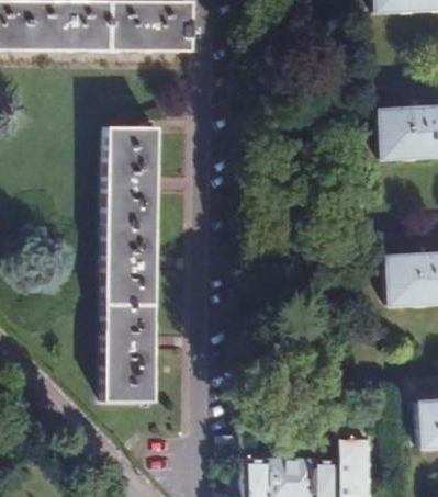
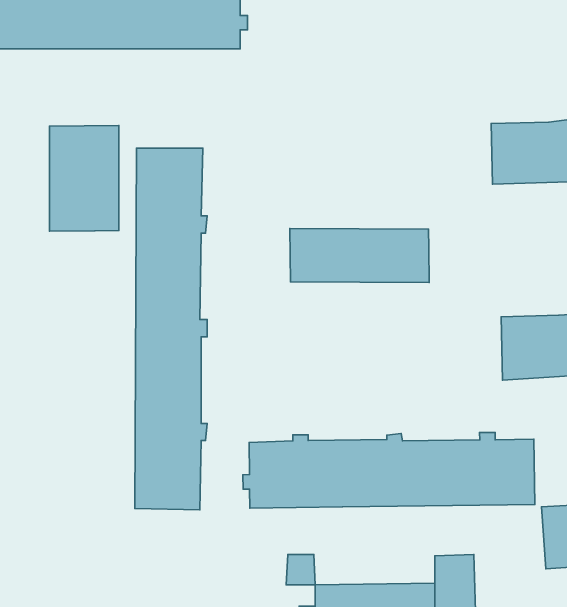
building: none -> [50,126,119,231]
building: none -> [290,229,429,283]
building: none -> [243,432,535,508]

